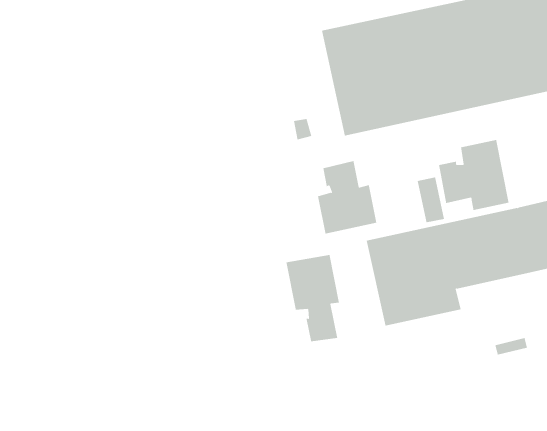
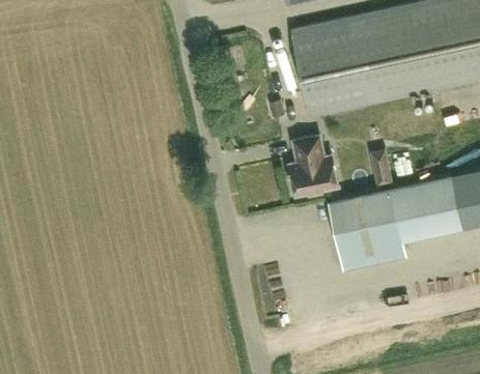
building: [439,139,509,211] -> none
building: [286,254,340,342] -> none

